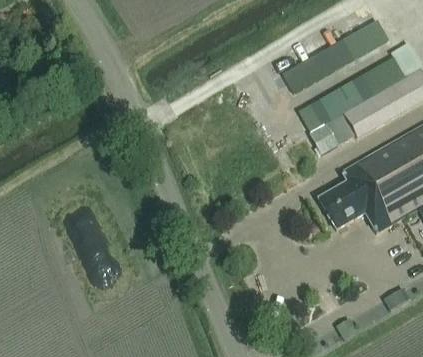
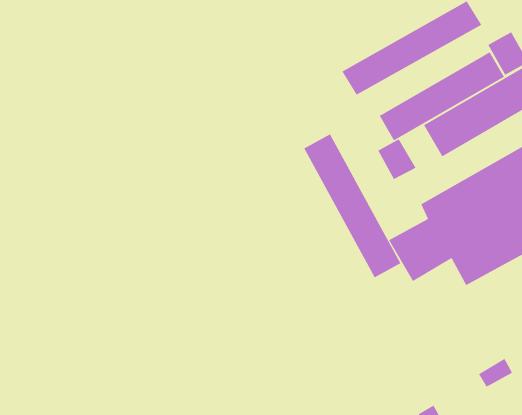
building: none -> [303,133,401,278]

